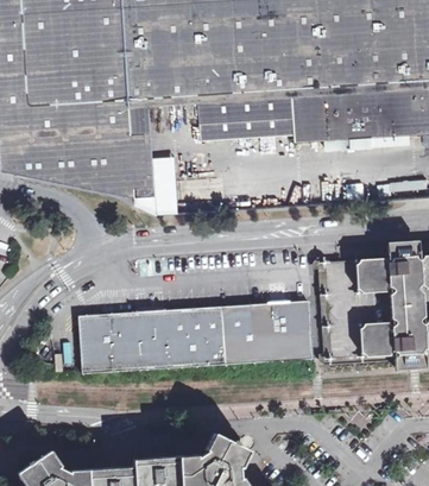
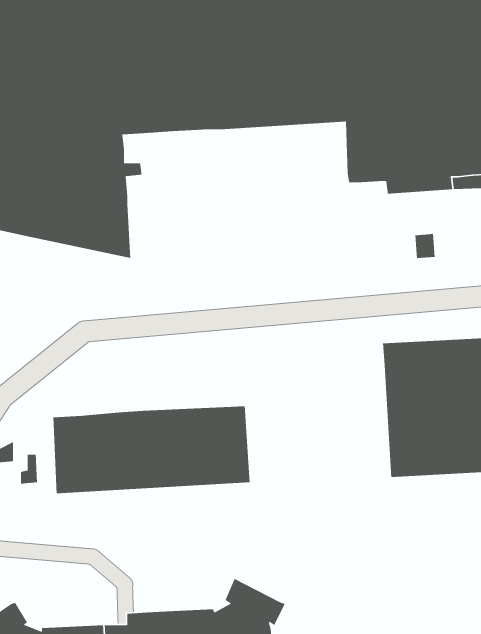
building: [201,96,295,138] -> none
building: [130,105,177,214] -> none
building: [220,299,310,362] -> none

